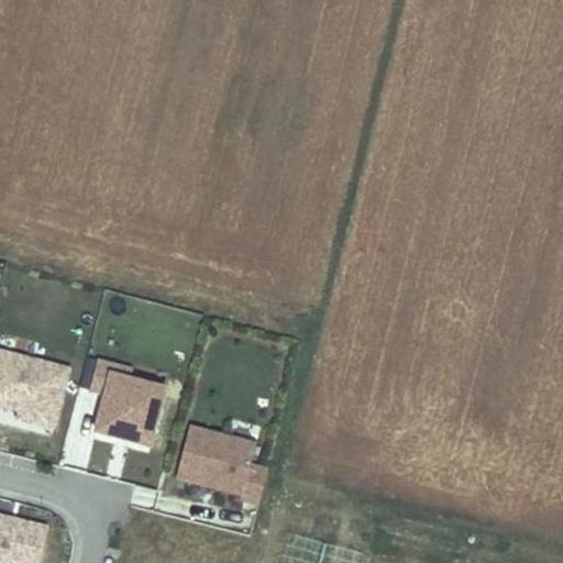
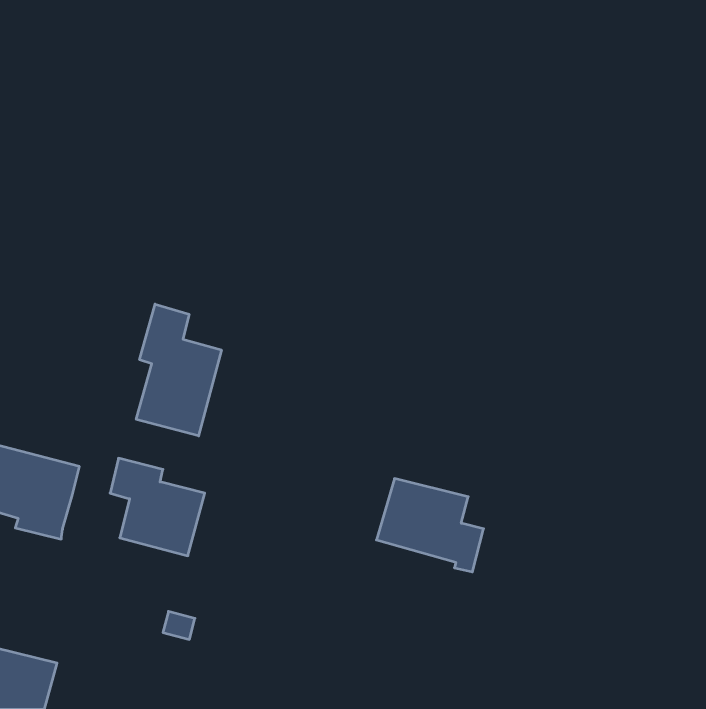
building: none -> [136,304,221,436]
building: [177,426,262,499] -> [376,479,484,572]

